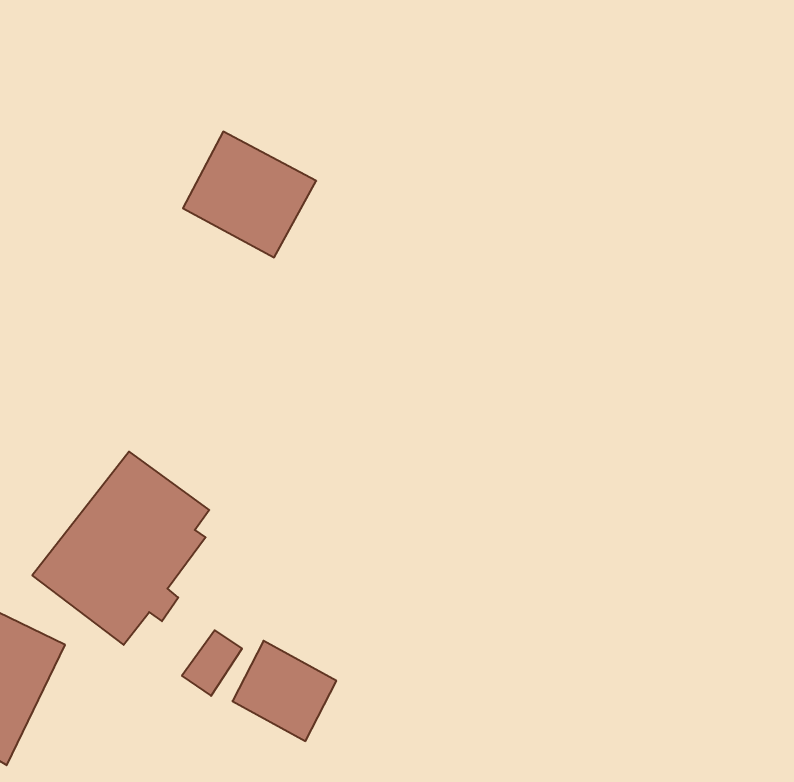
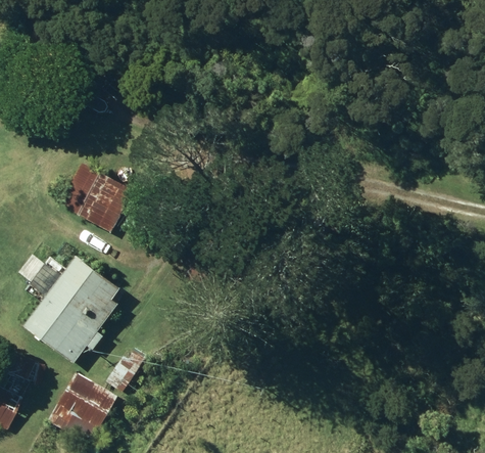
building: [183,132,316,257] -> [58,163,133,233]
building: [232,641,336,741] -> [58,373,116,429]

